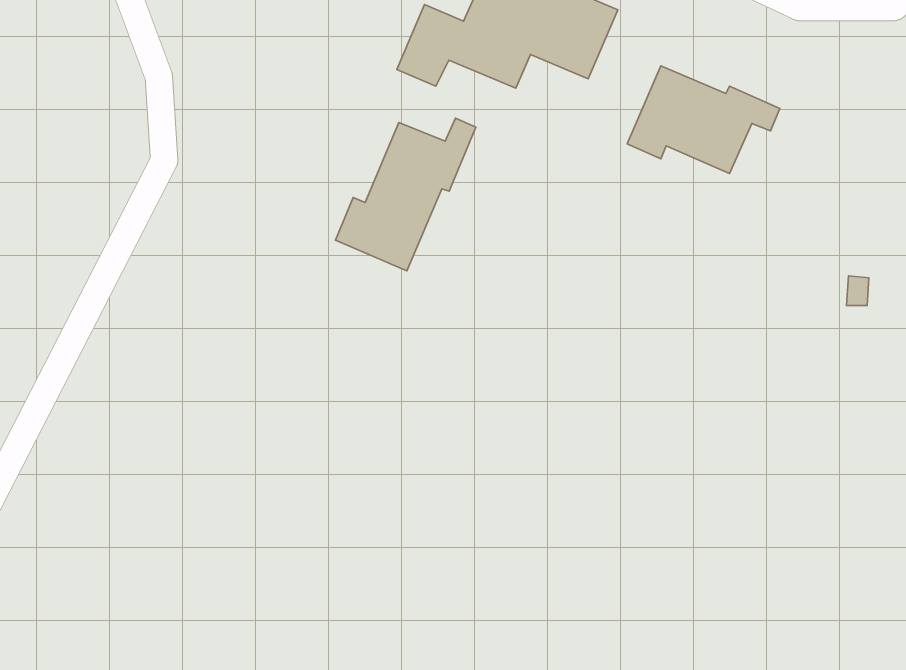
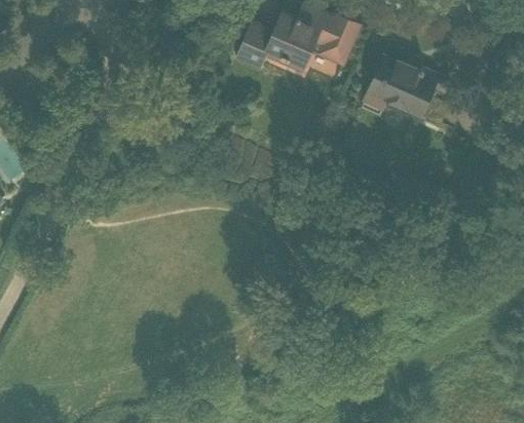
building: [335,118,476,271] -> none

